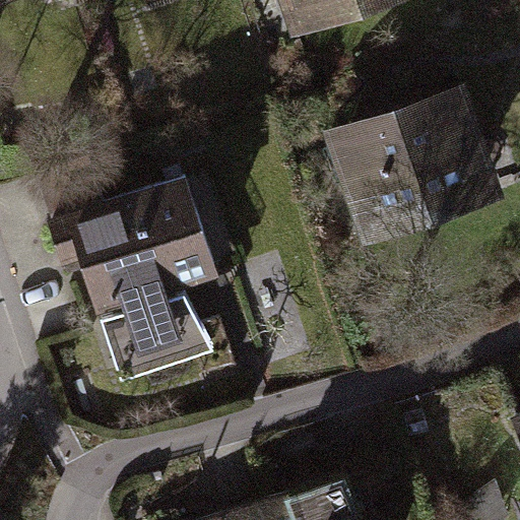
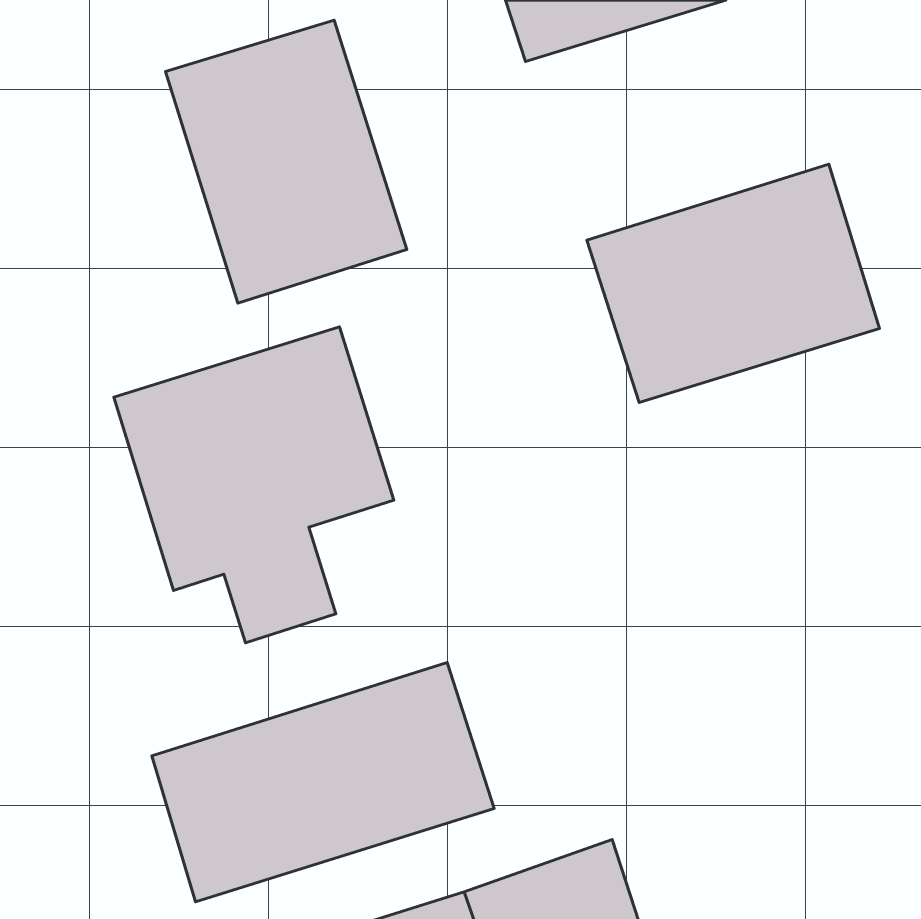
building: none -> [166,20,407,303]
building: none -> [152,663,494,902]

